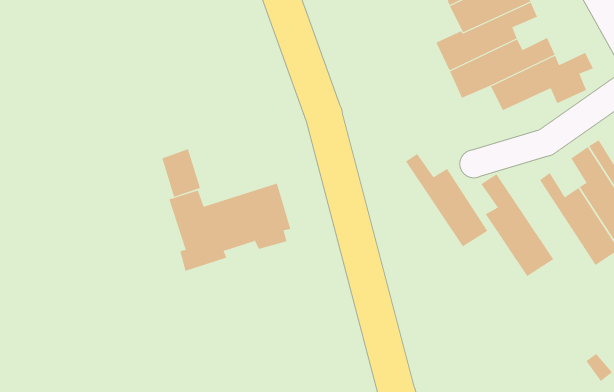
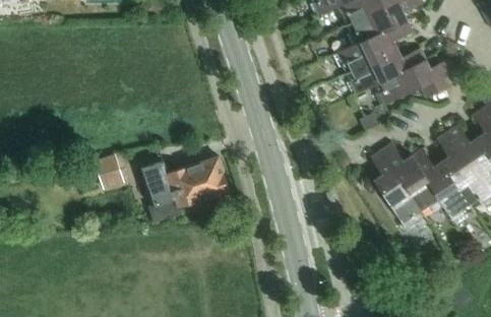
building: [161,149,201,198] -> [94,153,123,190]
building: [405,153,488,247] -> [383,143,445,213]

